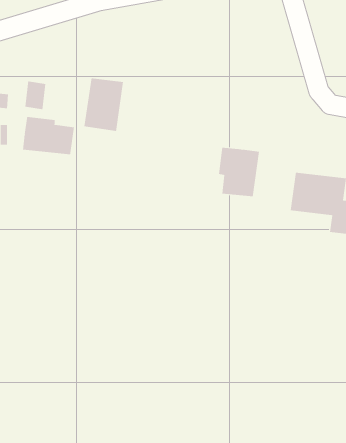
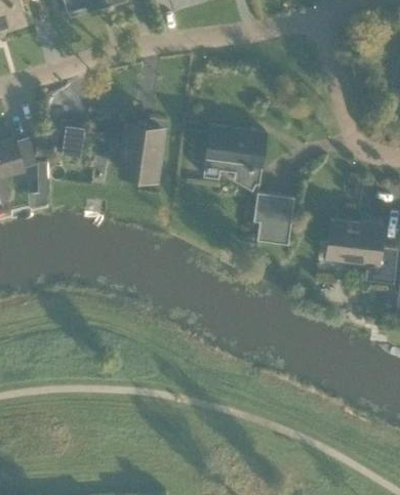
building: none -> [203,124,267,189]
building: [22,116,75,155] -> none

